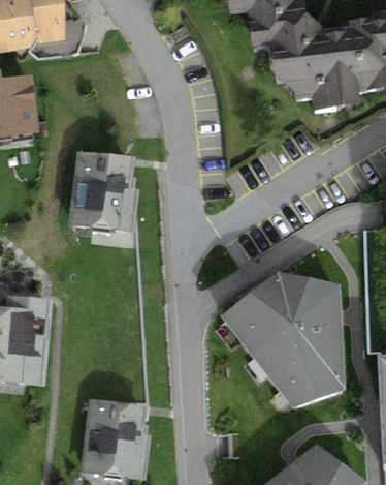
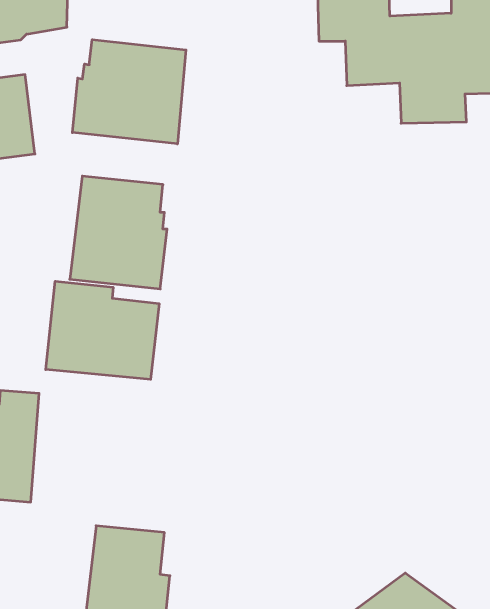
building: none -> [72,40,186,144]
building: none -> [46,281,159,379]
building: [220,270,345,406] -> none

